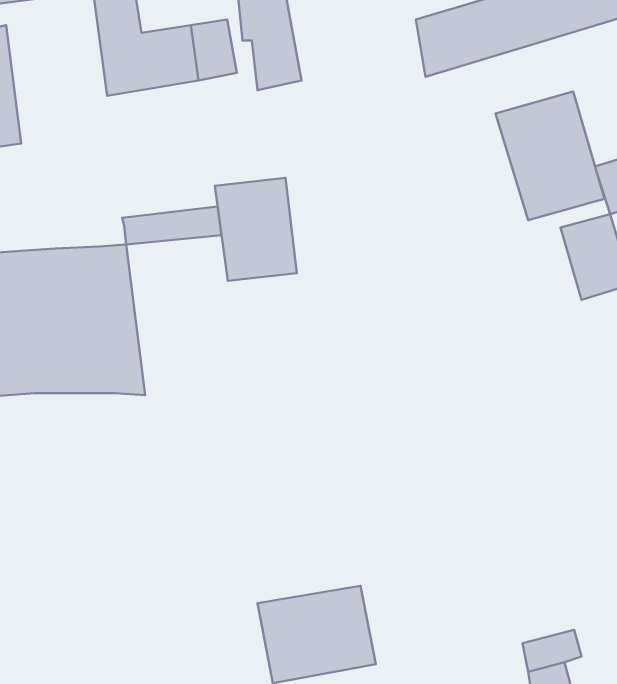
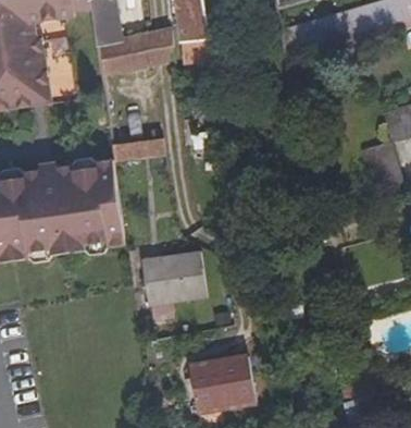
building: [496,92,604,220] -> none
building: [215,178,297,281] -> none
building: none -> [140,249,204,305]

